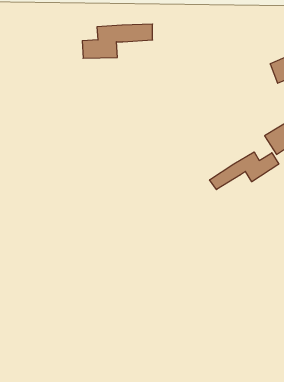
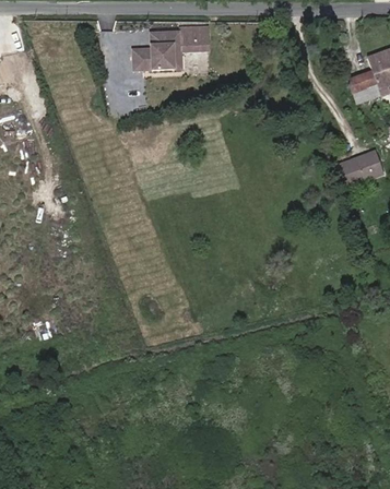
building: [210,152,279,190] -> none

